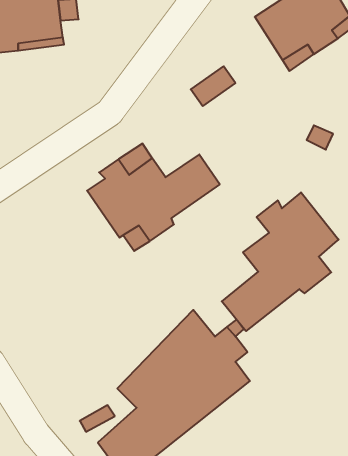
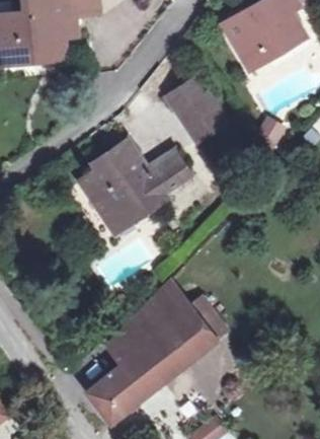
building: none -> [178,89,227,139]
building: [222,192,339,331] -> none

